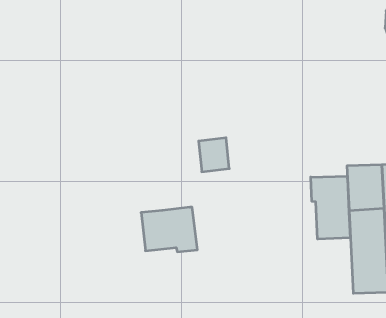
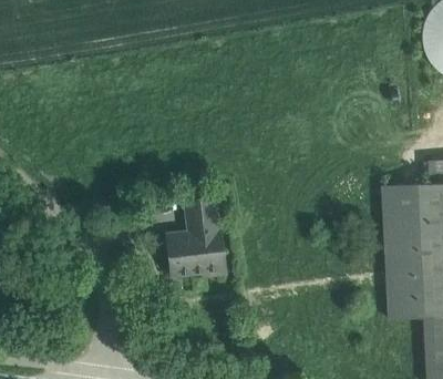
building: [199,138,229,172] -> [186,197,218,233]
building: [311,176,350,239] -> none

